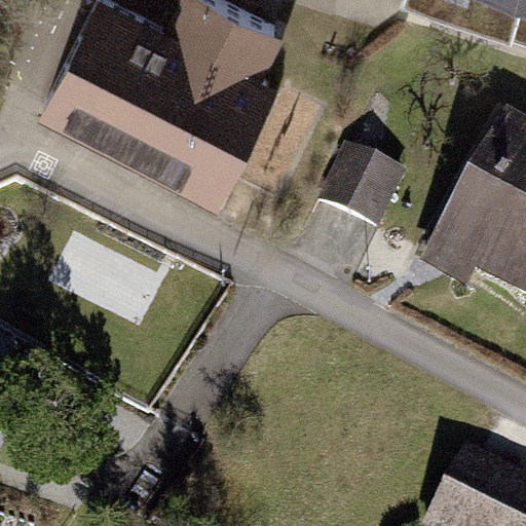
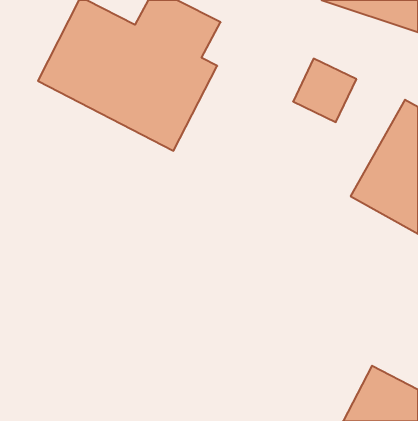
building: [323,148,402,227] -> [293,59,356,122]

